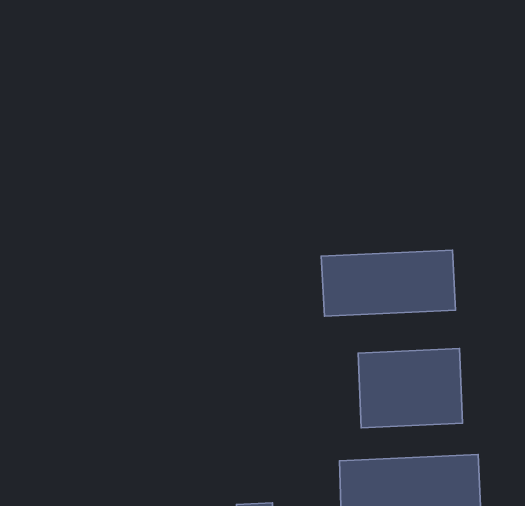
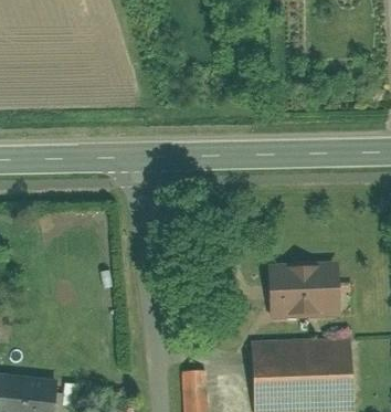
building: [321,250,456,316] -> none

